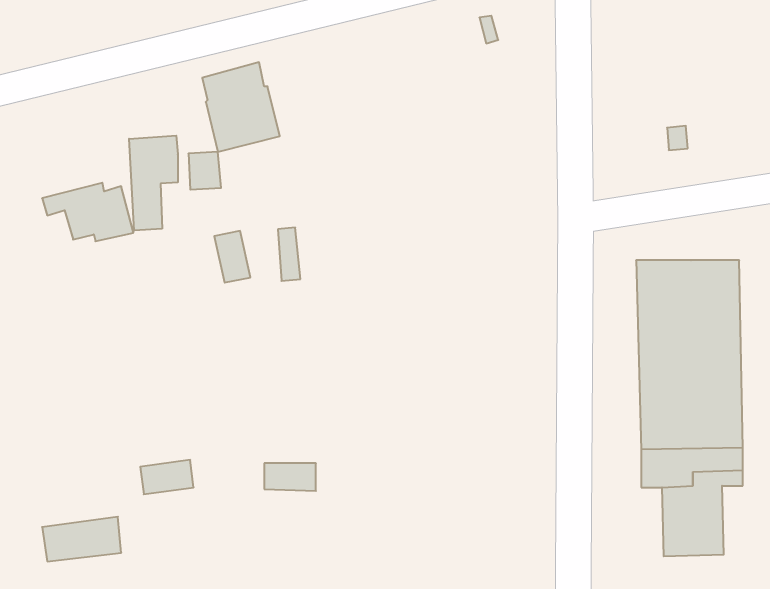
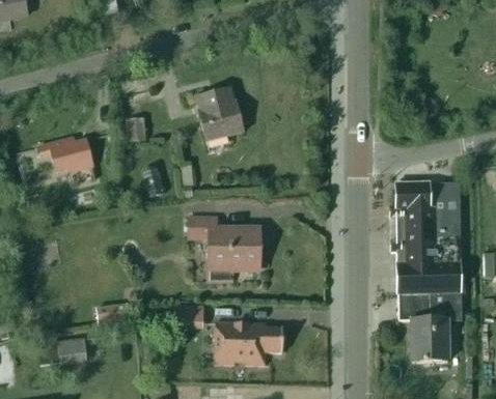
building: [202,62,280,152] -> [197,87,244,141]
building: [129,136,178,231] -> none
building: none -> [189,217,259,281]
building: none -> [213,322,281,364]

